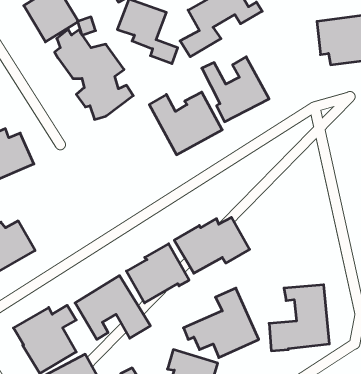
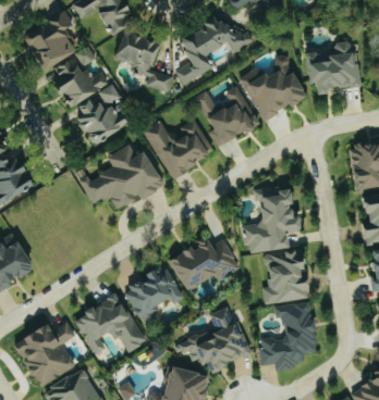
building: none -> [239,54,307,121]
building: none -> [78,145,164,209]
building: none -> [243,186,308,303]

